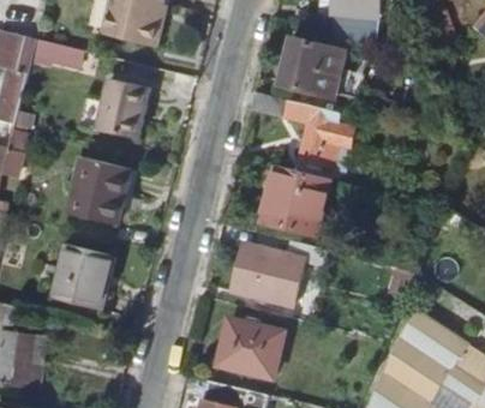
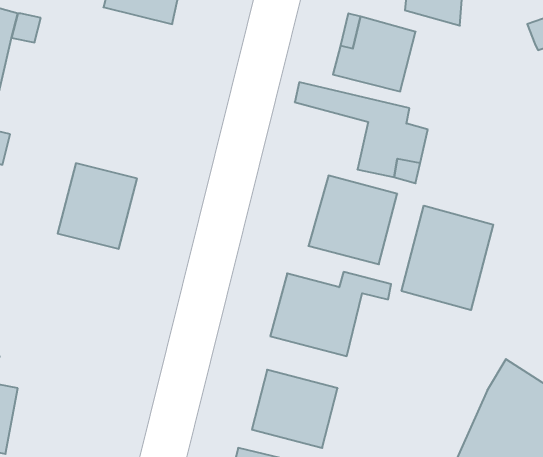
building: [94,76,145,134] -> none
building: none -> [402,206,493,310]
building: [53,242,112,308] -> none

